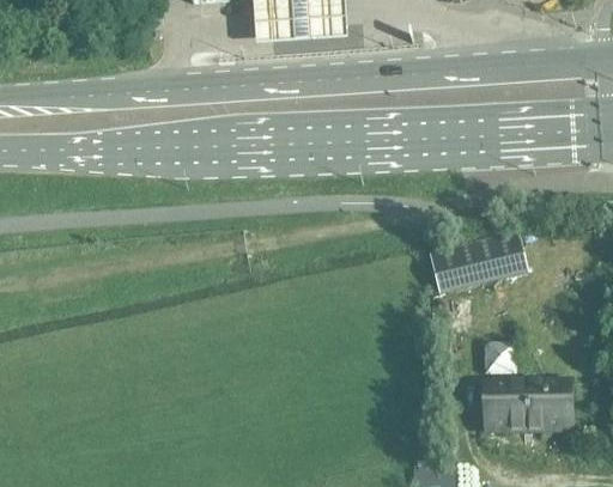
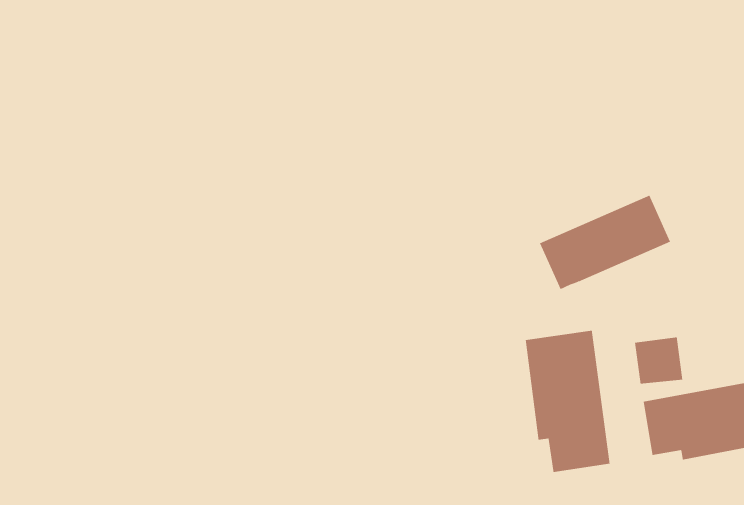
building: none -> [525,330,610,473]

